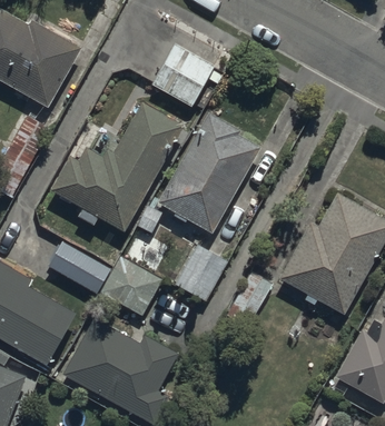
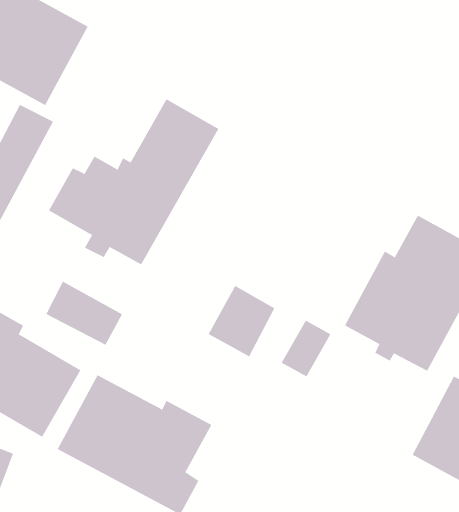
building: [152,43,214,106] -> none
building: [152,111,260,231] -> none
building: [99,258,161,318] -> none

